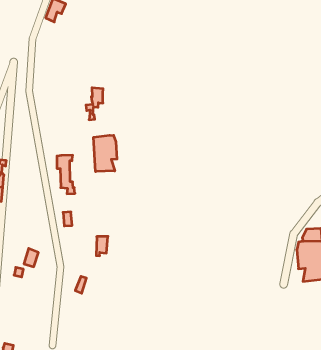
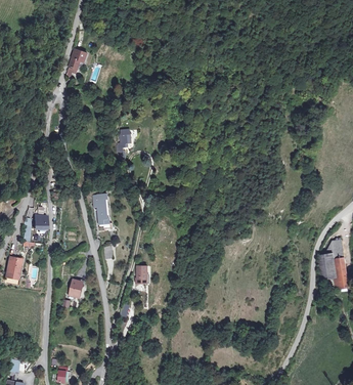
building: [94,135,117,172] -> none

